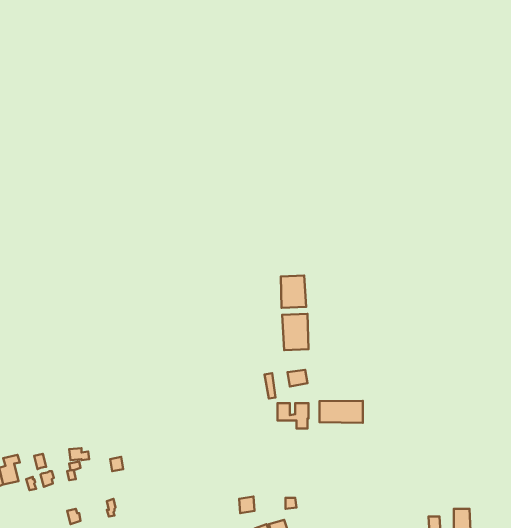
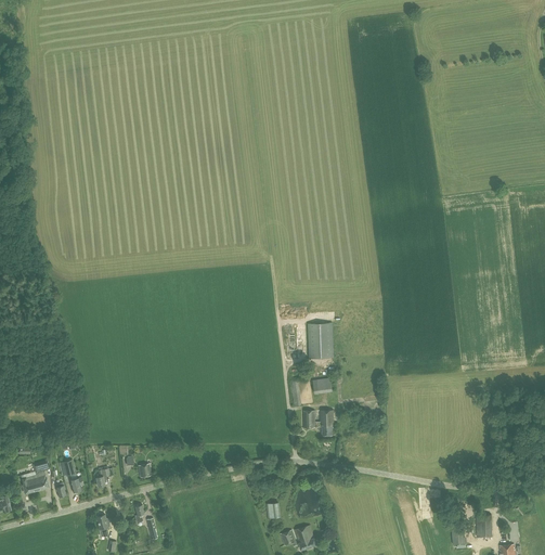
building: [281,276,306,308] -> none
building: [320,401,363,423] -> none

